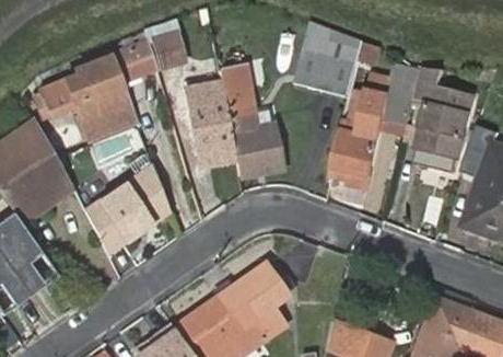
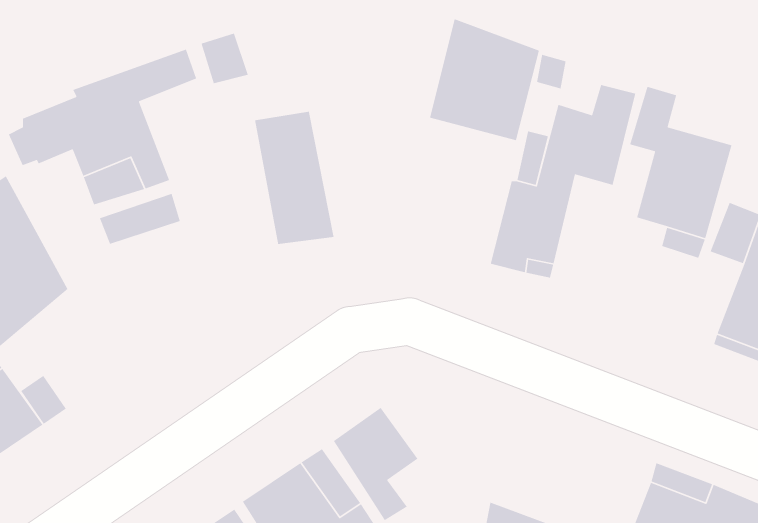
building: [220,62,283,174] -> none
building: [86,160,174,256] -> none

